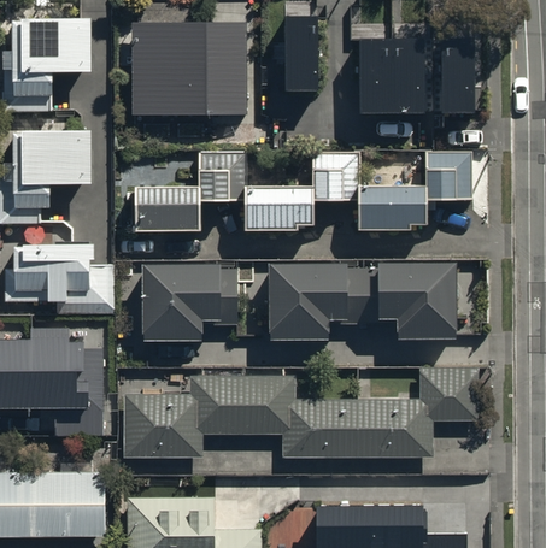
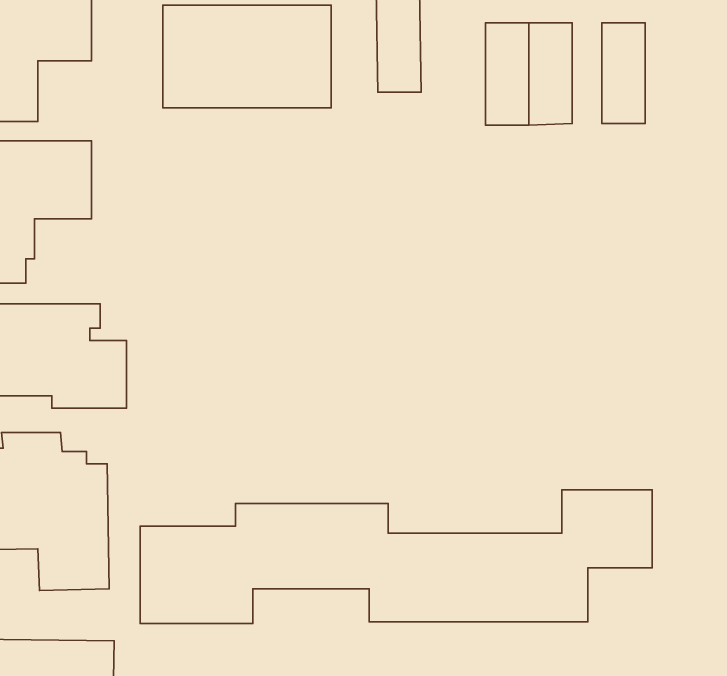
building: [134,152,470,230] -> none
building: [142,259,236,338] -> none
building: [266,259,453,338] -> none

